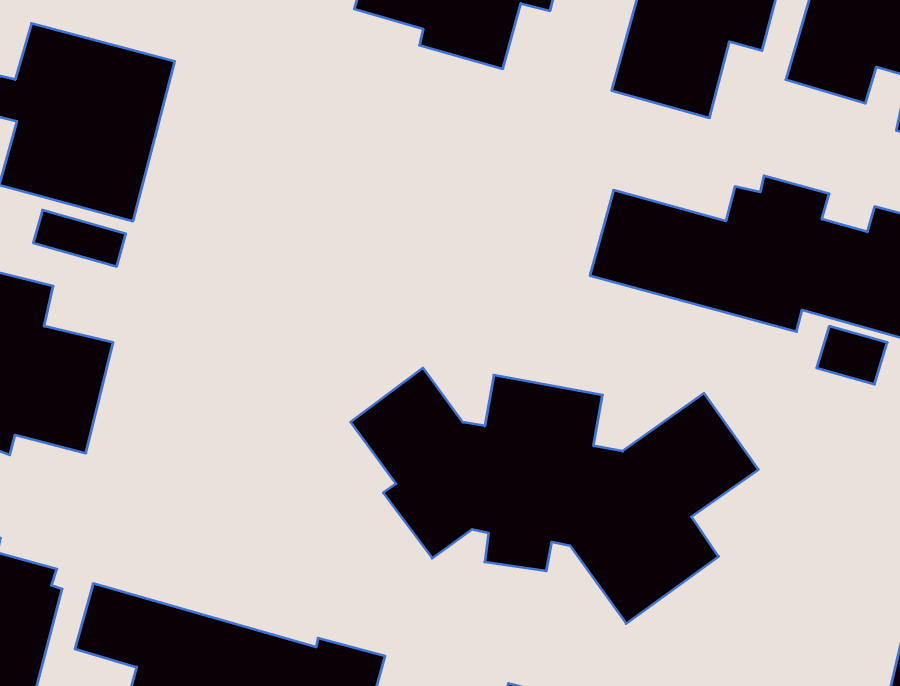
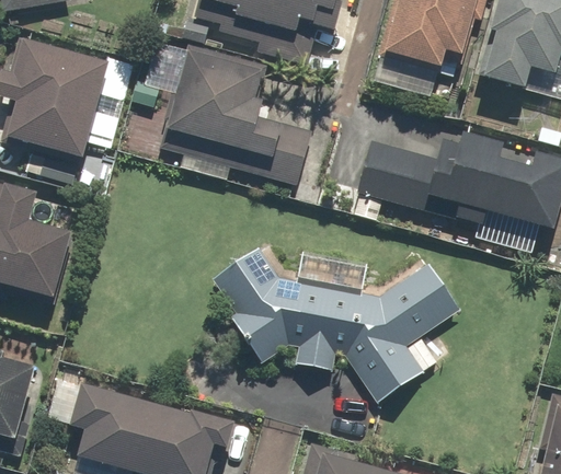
building: none -> [127,43,322,184]

